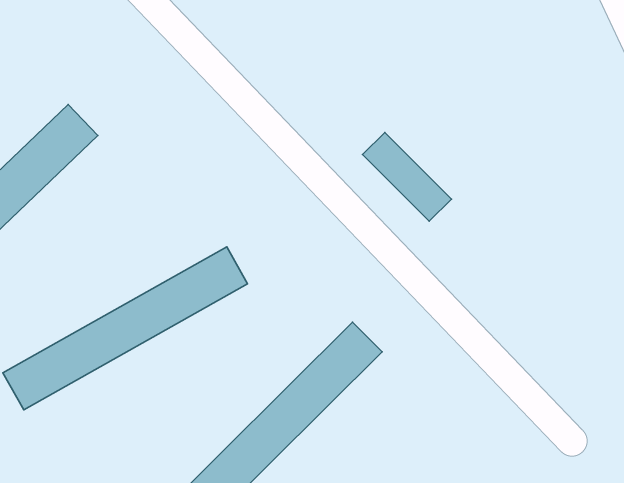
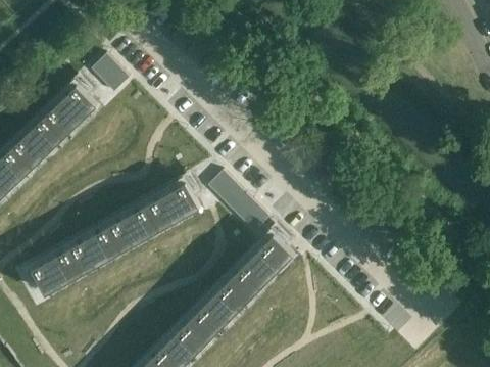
building: none -> [91,53,129,92]
building: [363,132,452,221] -> [207,170,268,231]

